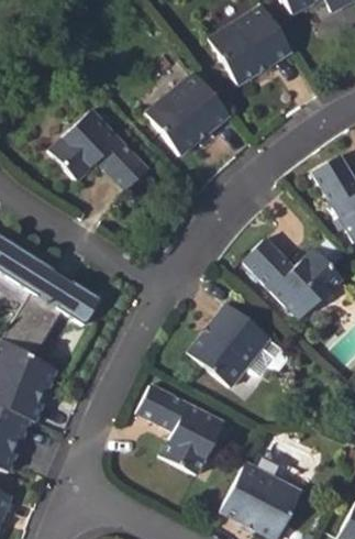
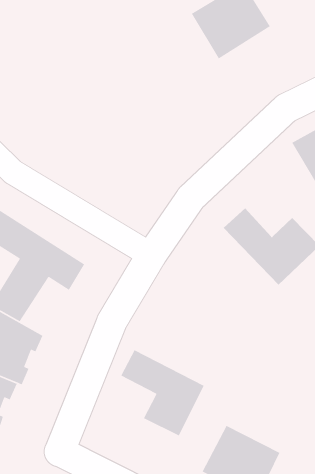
building: [146,73,230,154] -> none
building: [48,109,162,204] -> none
building: [187,302,287,386] -> none

